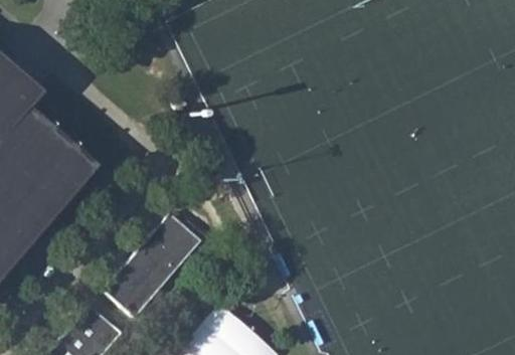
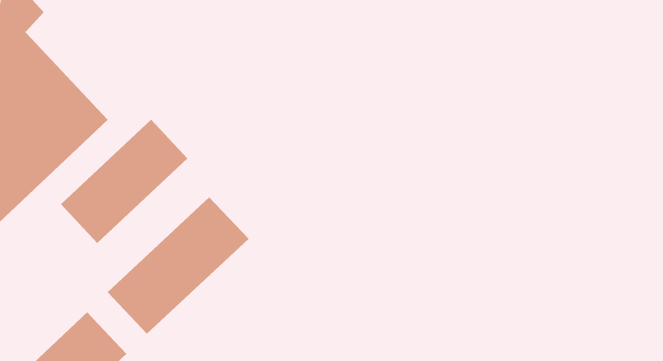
building: none -> [60,119,188,244]

